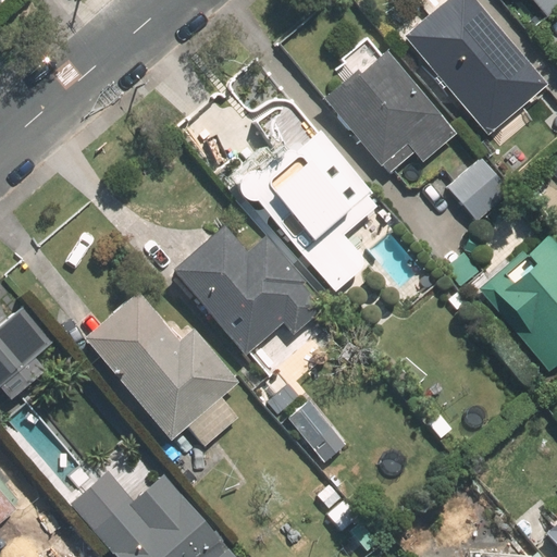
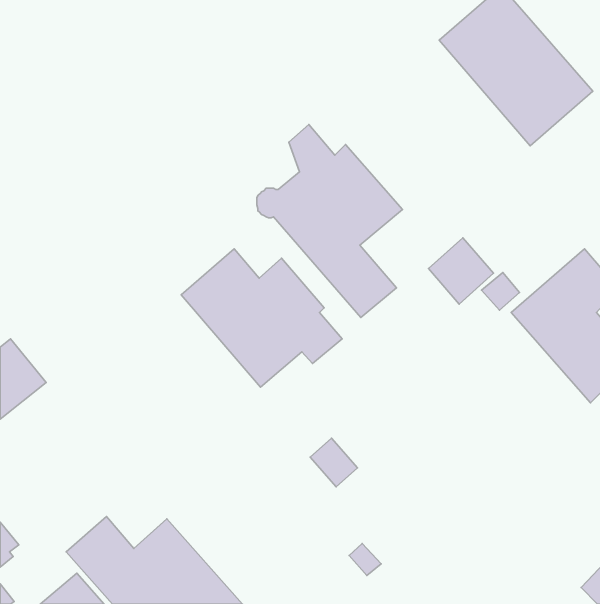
building: [326,52,459,172] -> none
building: [450,159,510,220] -> [429,238,494,304]
building: [87,295,239,446] -> none

